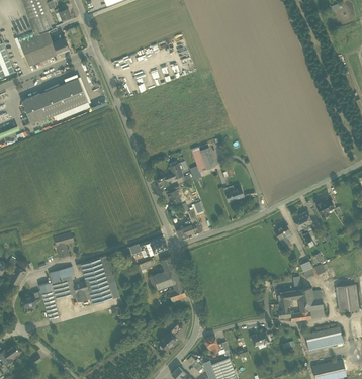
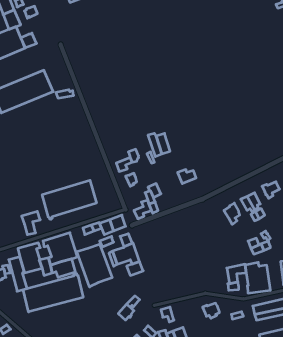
building: none -> [42,180,96,219]
building: none -> [77,244,112,287]
building: none -> [23,274,83,312]

